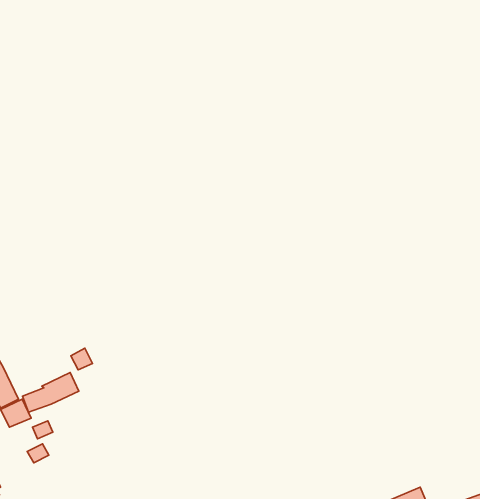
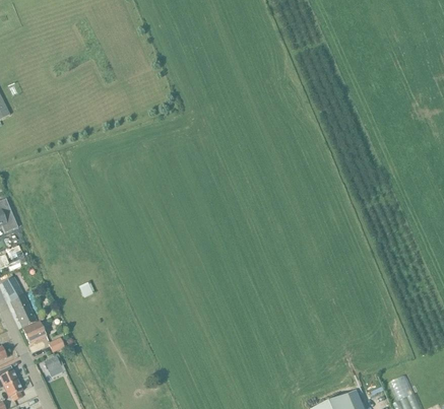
building: [23,372,79,412] -> none

